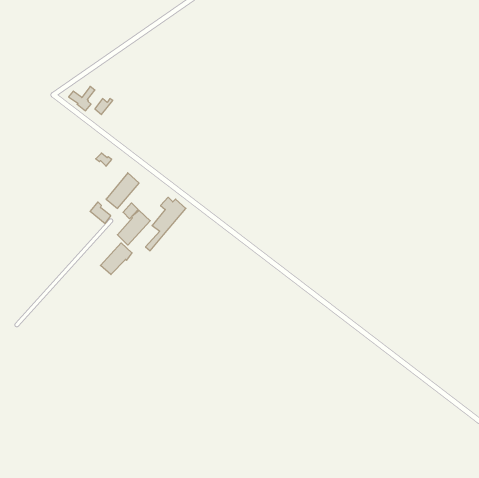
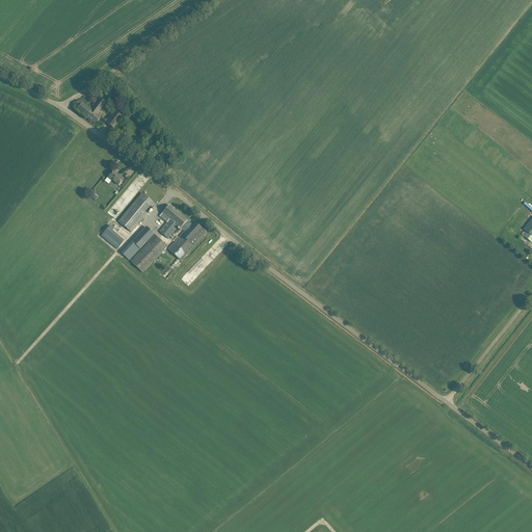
building: none -> [159,203,186,237]
building: [100,243,132,275] -> none

